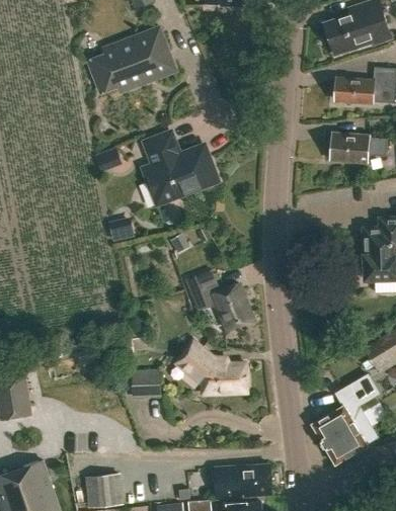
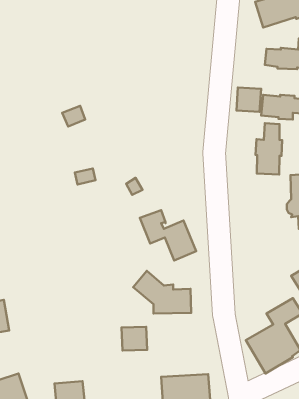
building: [89,28,176,93] -> none
building: none -> [236,87,261,112]
building: [144,132,218,201] -> none
building: none -> [255,123,282,174]
building: [131,367,161,396] -> [122,327,147,351]

